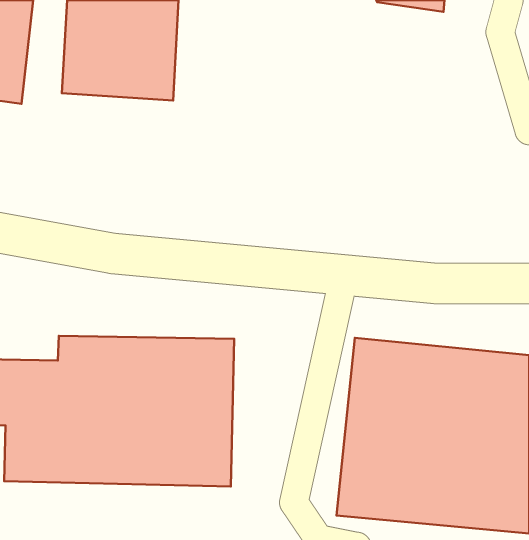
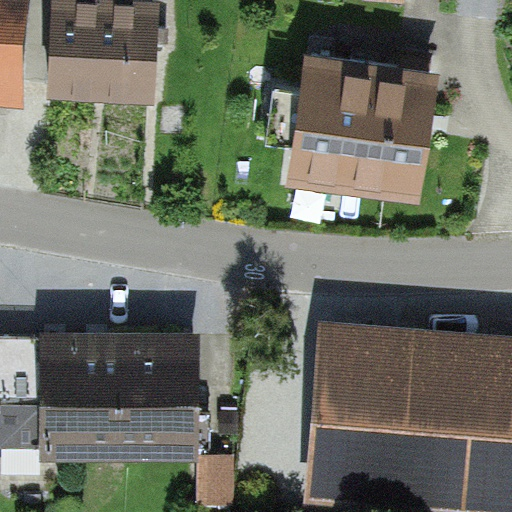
building: none -> [303,52,456,208]

